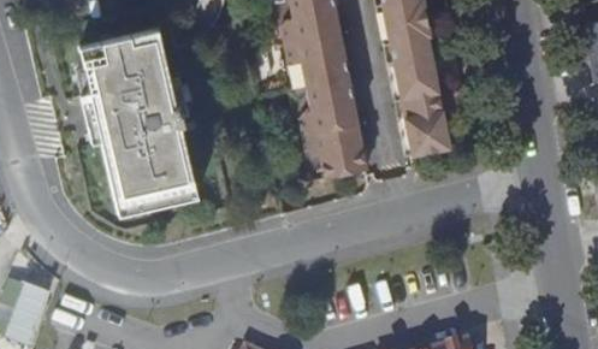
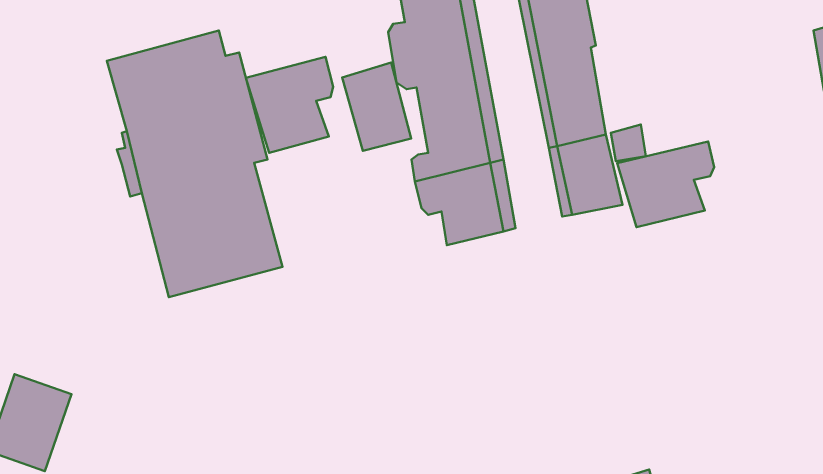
building: none -> [246,57,333,153]
building: none -> [342,62,411,151]
building: none -> [617,141,714,227]

